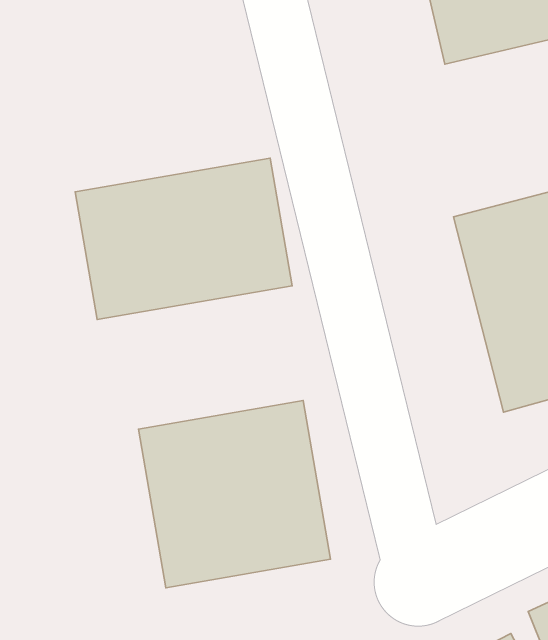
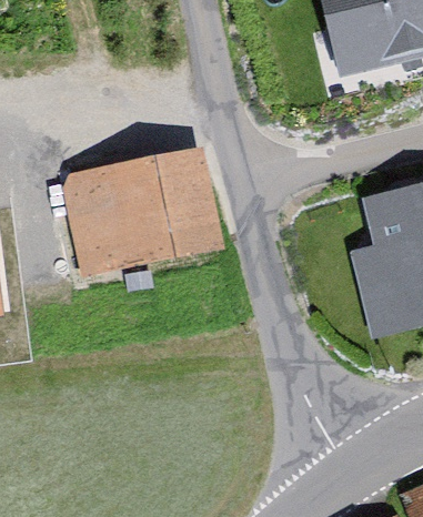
building: [138,401,331,588] -> none

